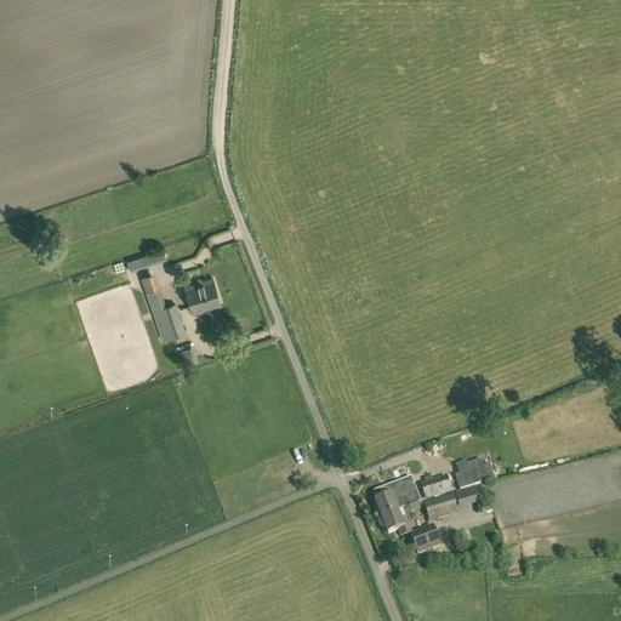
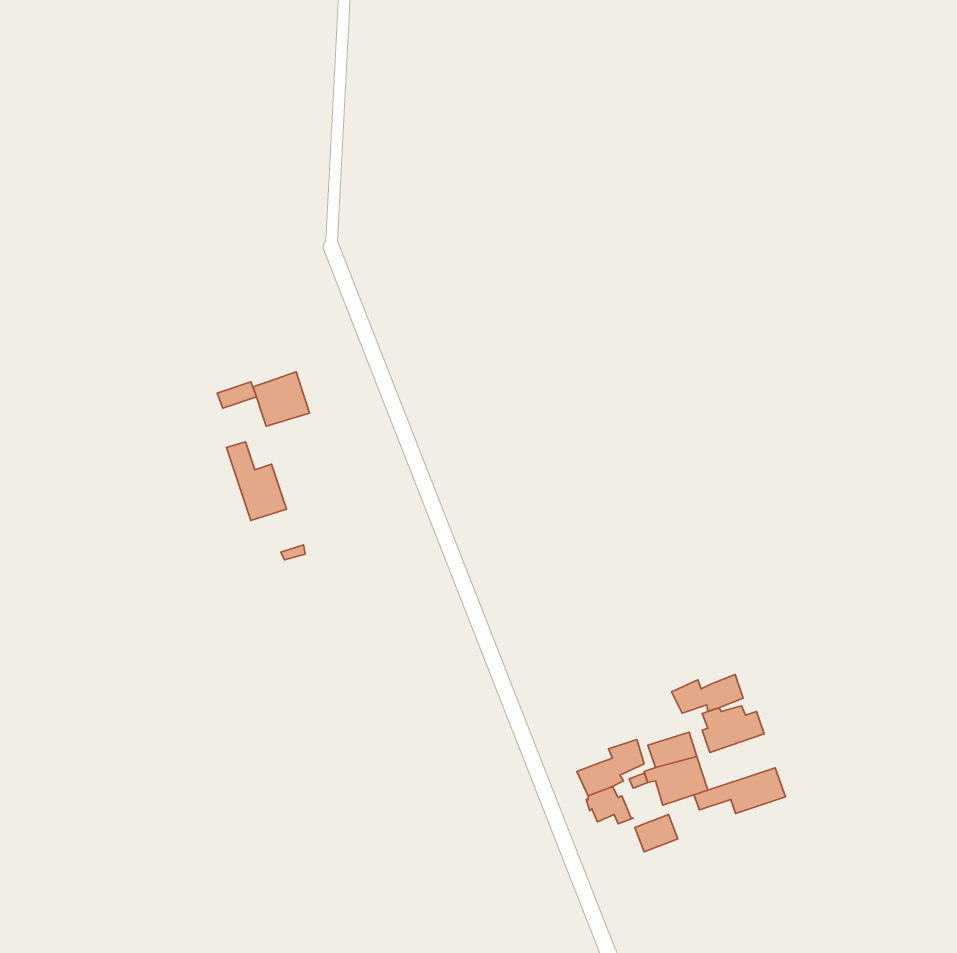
building: [184,275,221,310] -> [253,372,309,426]
building: none -> [671,674,743,713]
building: none -> [694,768,786,813]

